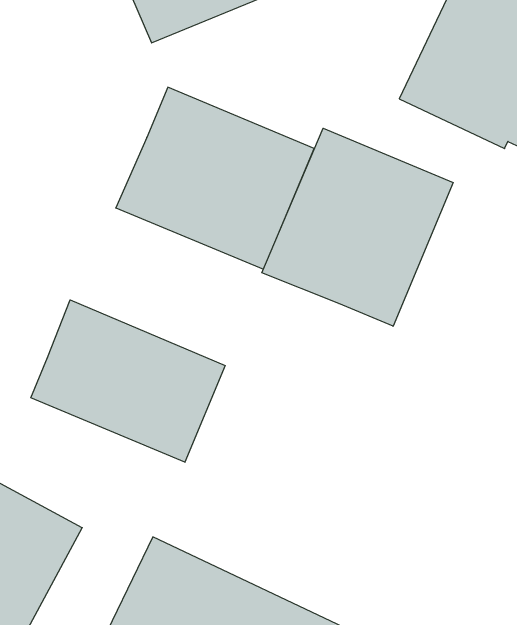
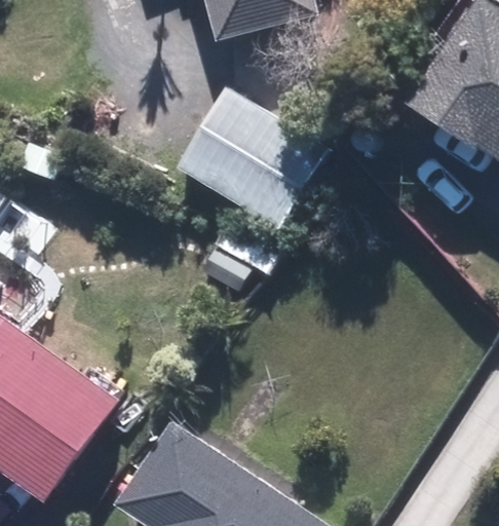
building: [262,128,453,326] -> none
building: [31,300,225,462] -> none

